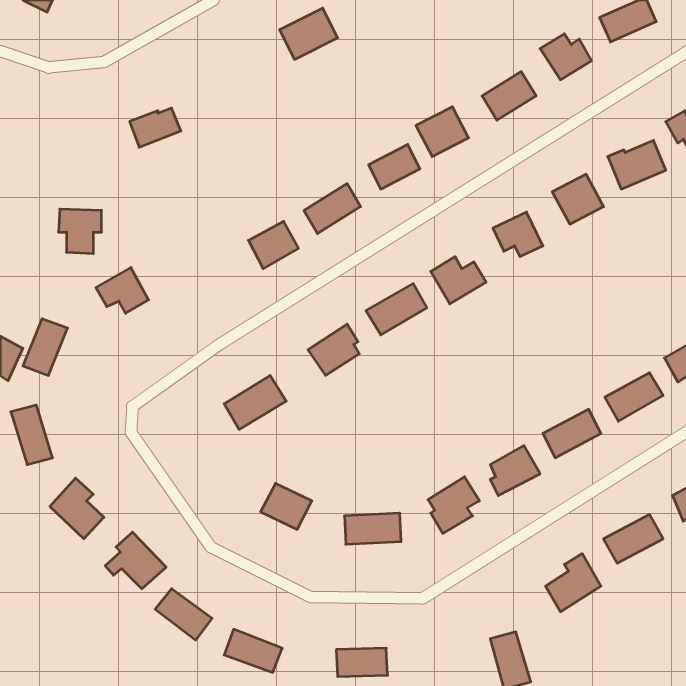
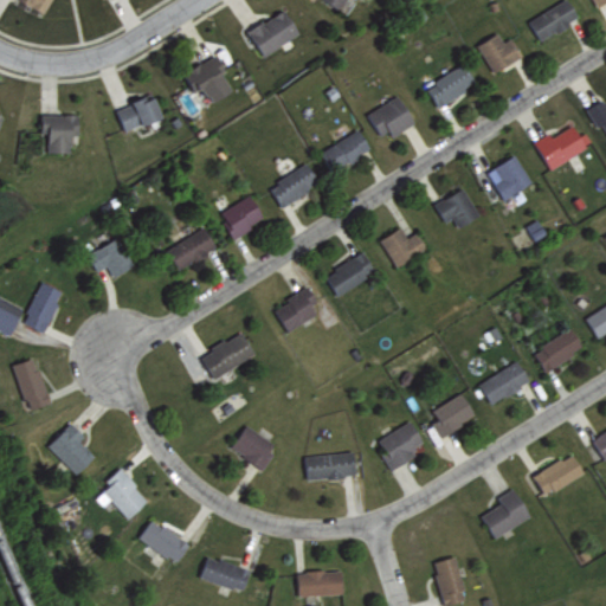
building: none -> [183,54,232,104]
building: [58,209,102,254] -> [41,115,79,154]
building: none -> [162,228,217,272]

